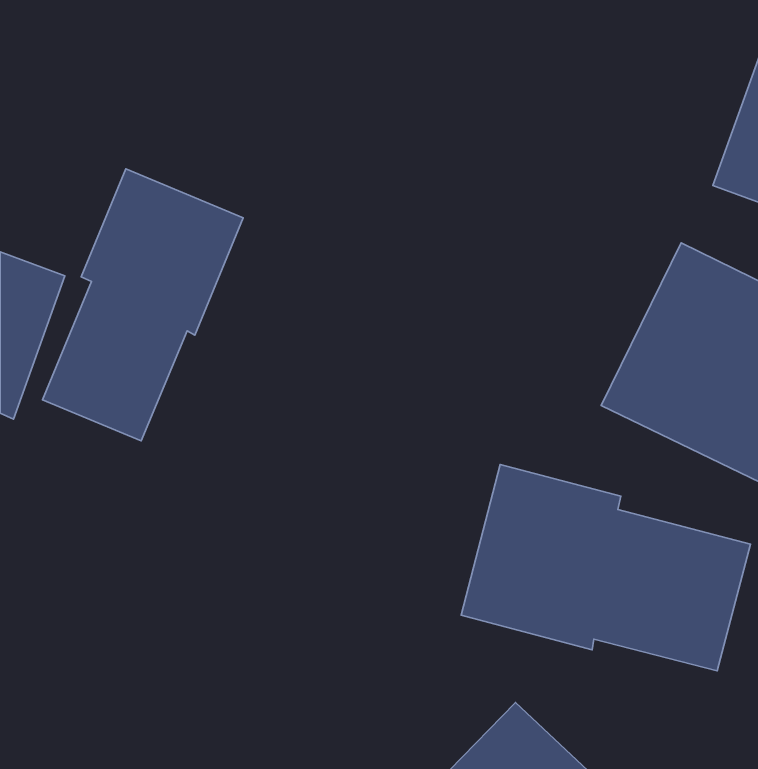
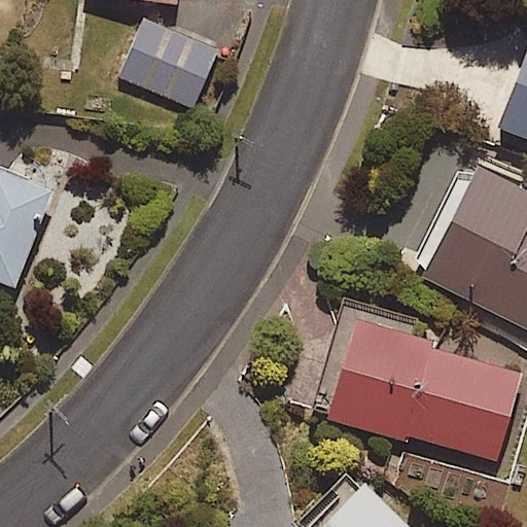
building: none -> [119,19,222,110]
building: [42,169,243,441] -> none

